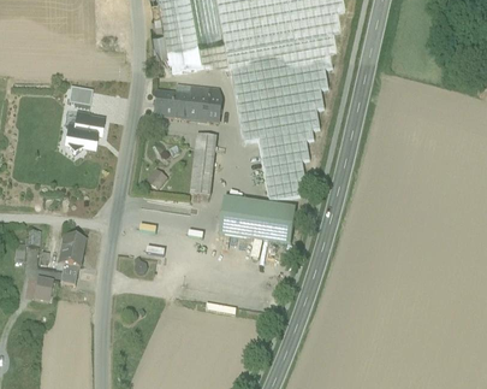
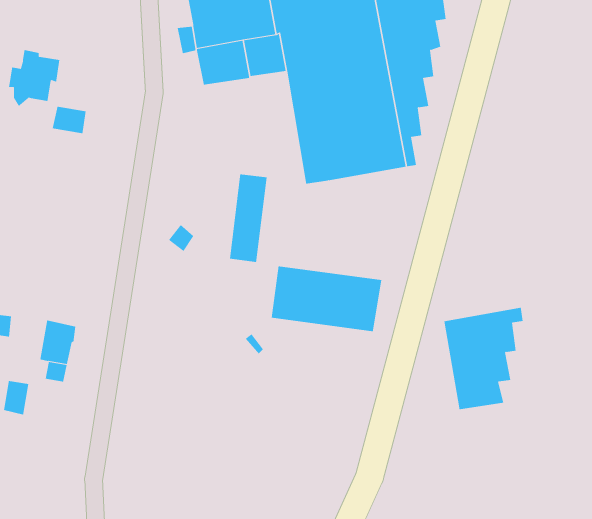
building: [153,83,221,120] -> none
building: [66,112,102,152] -> [8,49,60,107]
building: [259,128,314,199] -> [443,307,523,410]

